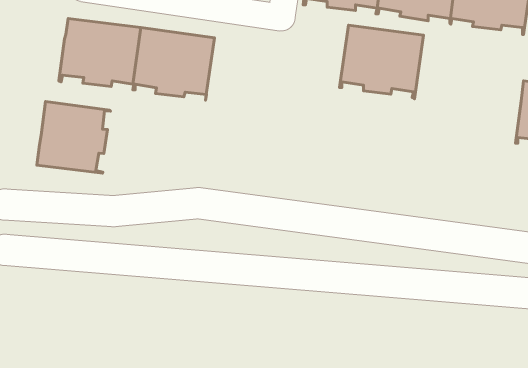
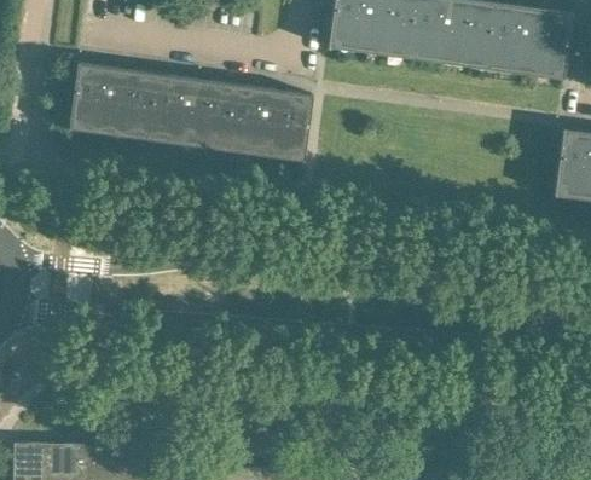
building: [340,25,424,99] -> [224,83,313,162]
building: [37,101,110,173] -> none

